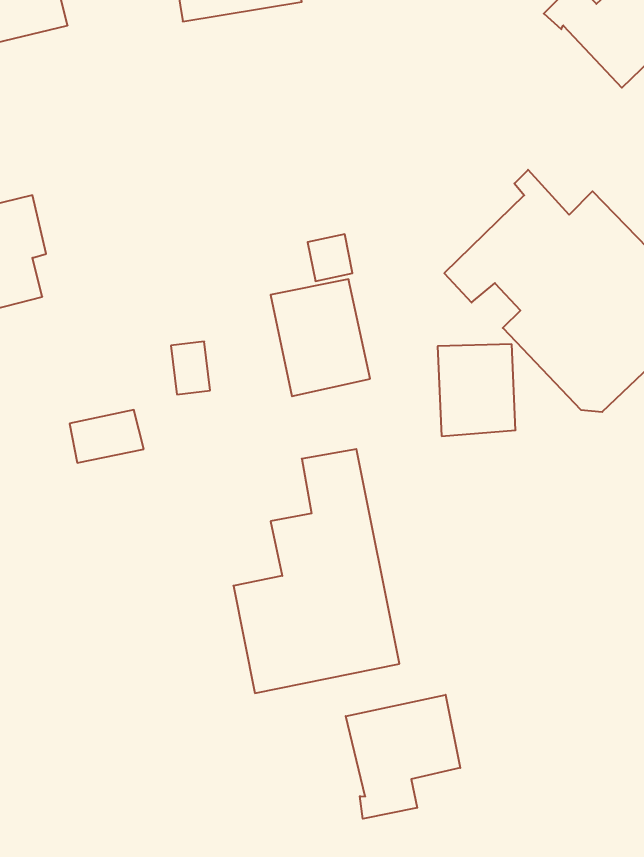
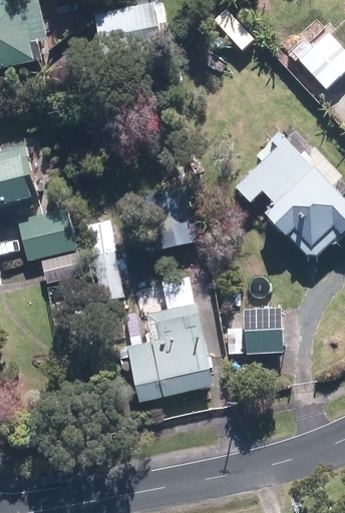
building: none -> [19,208,75,262]
building: [438,344,516,436] -> [244,308,284,355]
building: [346,695,460,819] -> none

